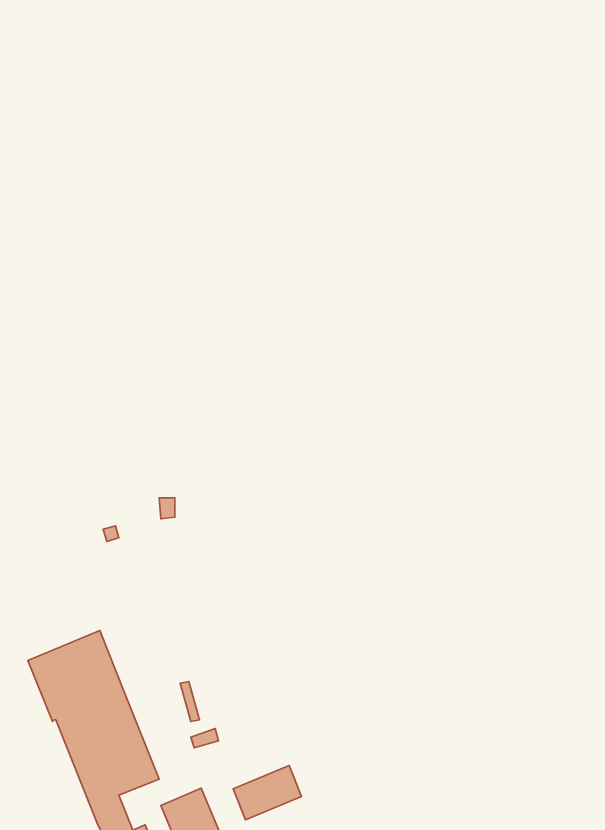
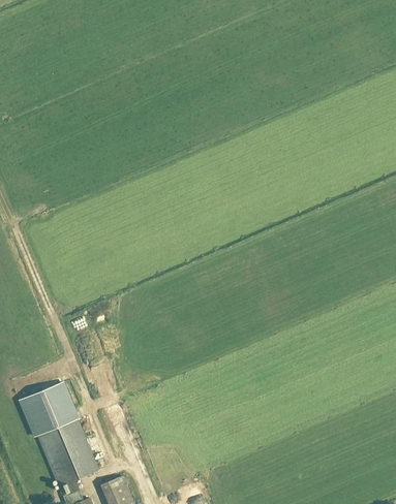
building: [233,766,302,820] -> none

